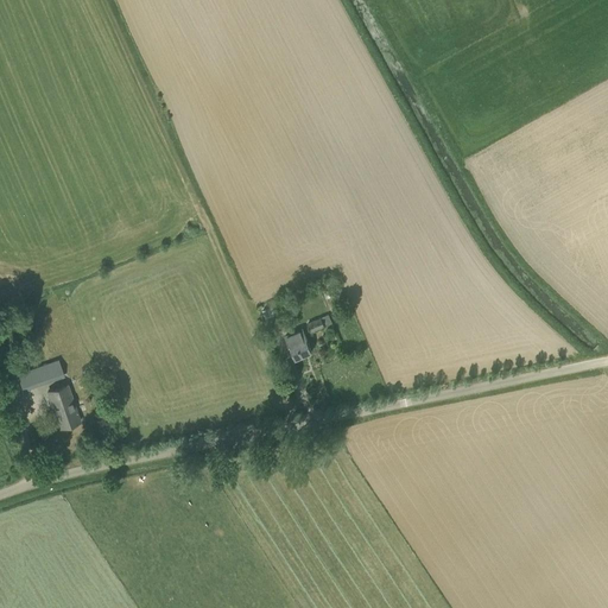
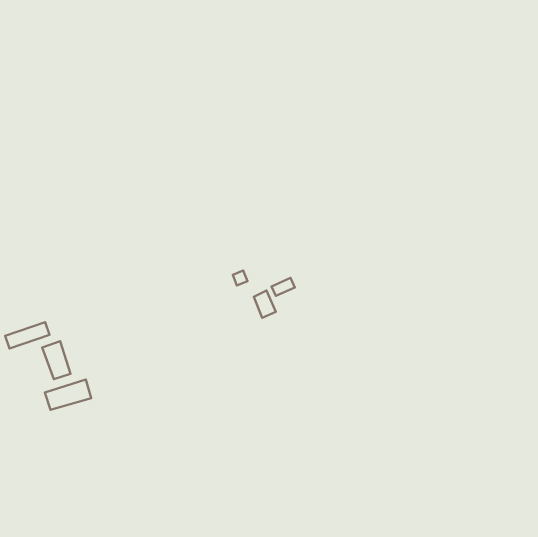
building: none -> [45,379,91,410]

